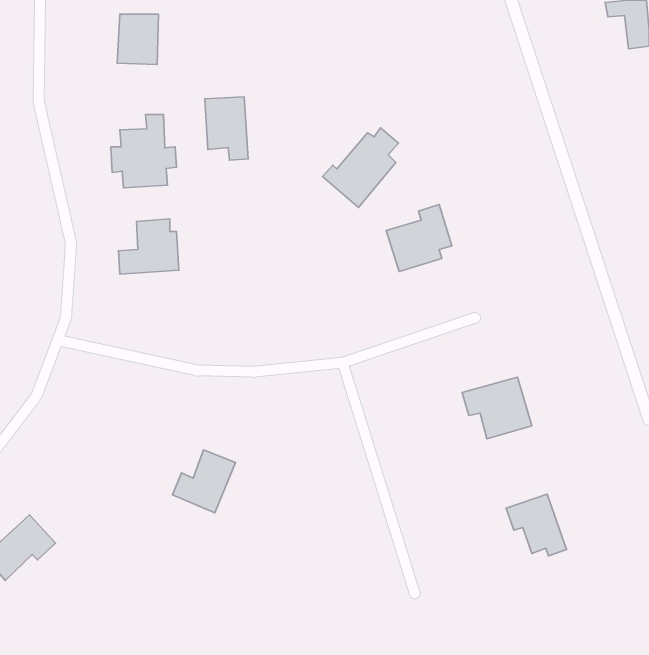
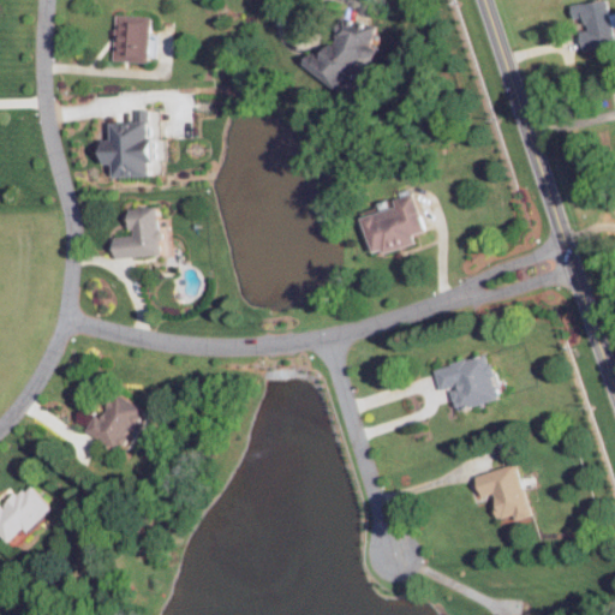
building: [205,97,248,160] -> none
building: [323,128,399,207] -> [301,17,372,91]
building: [172,450,236,513] -> [80,393,139,452]

